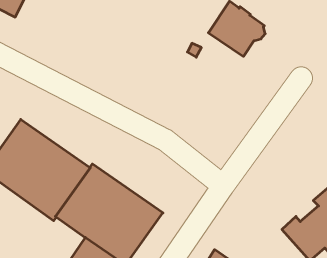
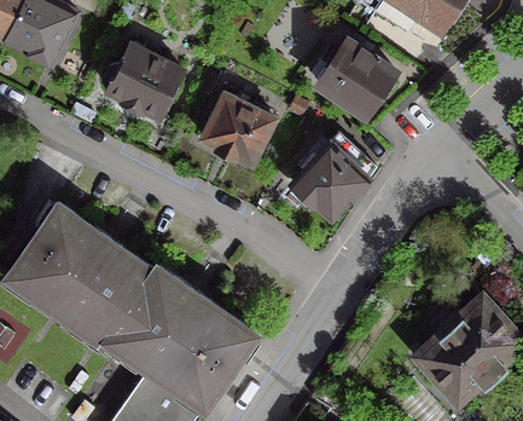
building: none -> [104,45,182,117]
building: none -> [202,94,275,165]
building: none -> [291,134,376,219]

